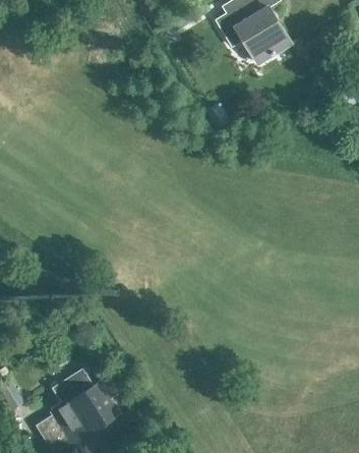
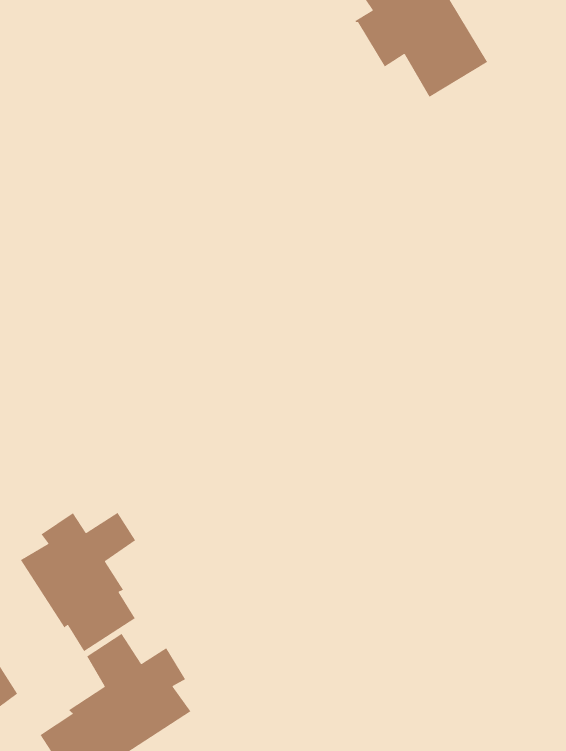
building: none -> [20,512,136,652]

